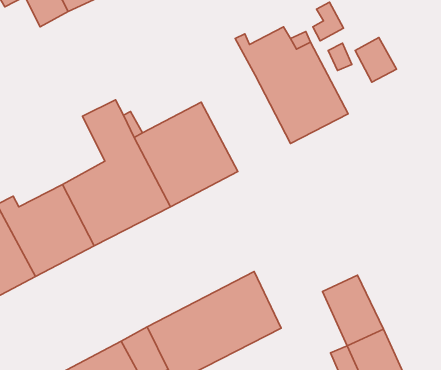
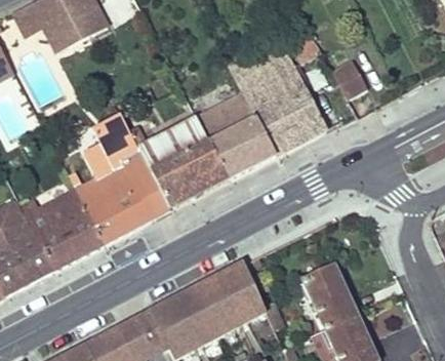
building: none -> [198,91,276,175]

